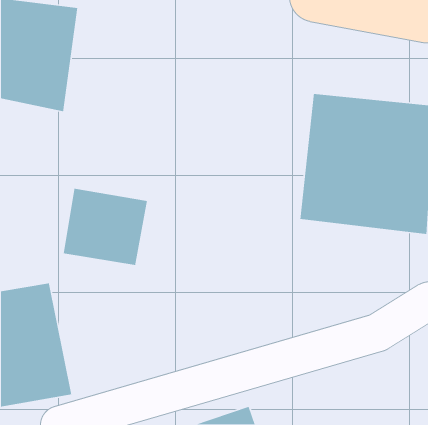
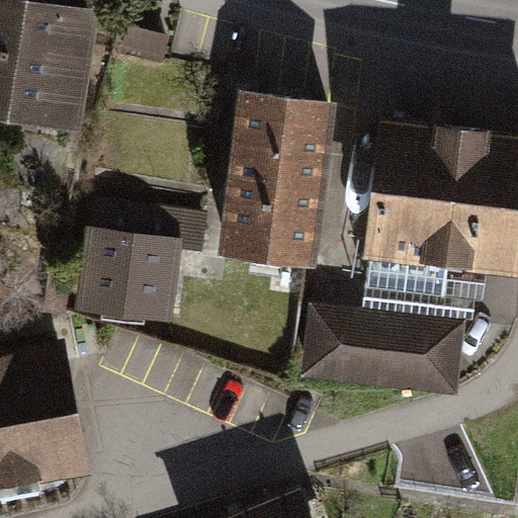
building: none -> [215,85,337,268]
building: none -> [298,304,462,394]

